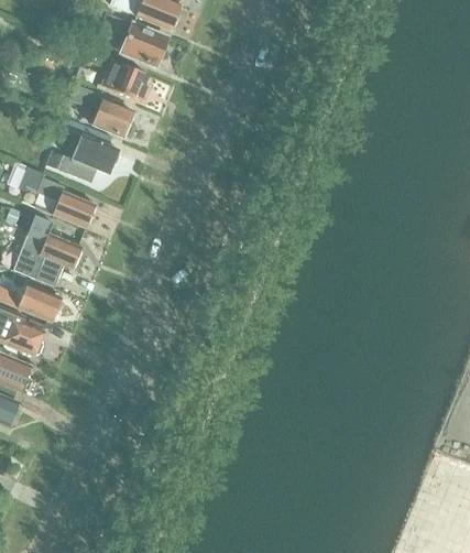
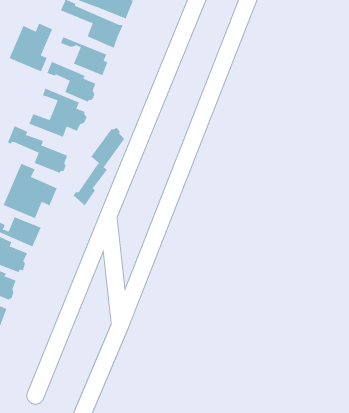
building: none -> [9,23,53,72]
building: none -> [73,127,125,206]

